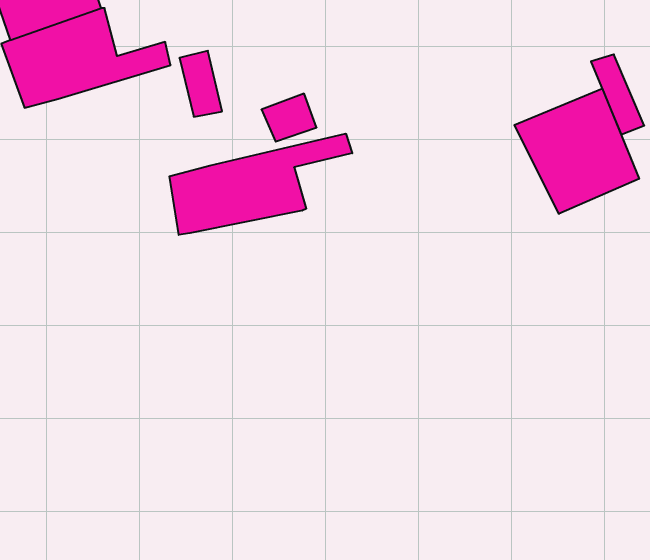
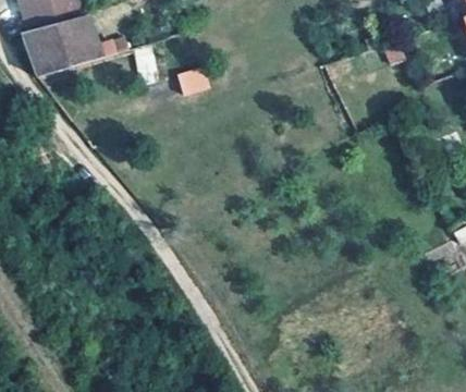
building: [514,89,639,214] -> none
building: [169,134,352,235] -> none

